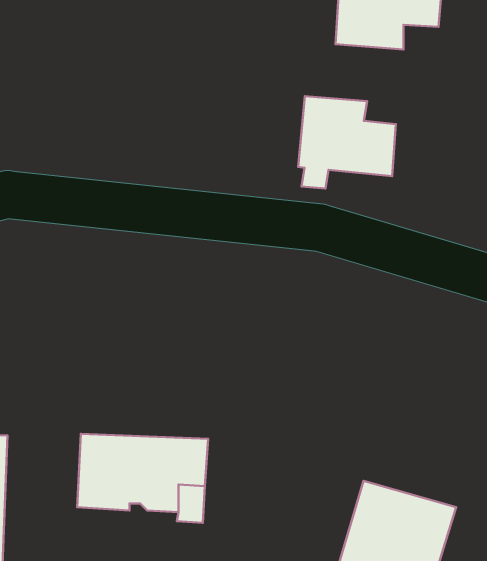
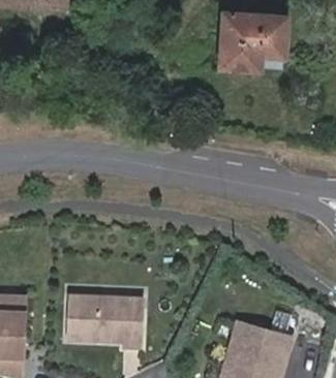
building: [298,96,396,188] -> none

